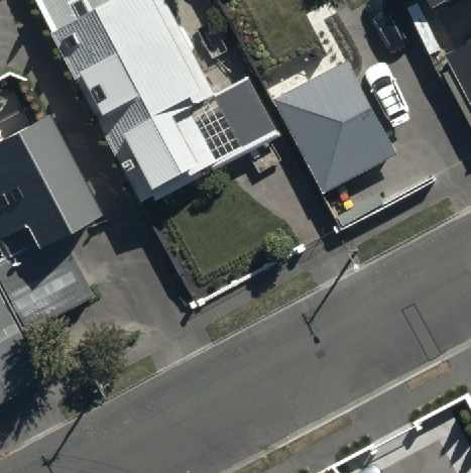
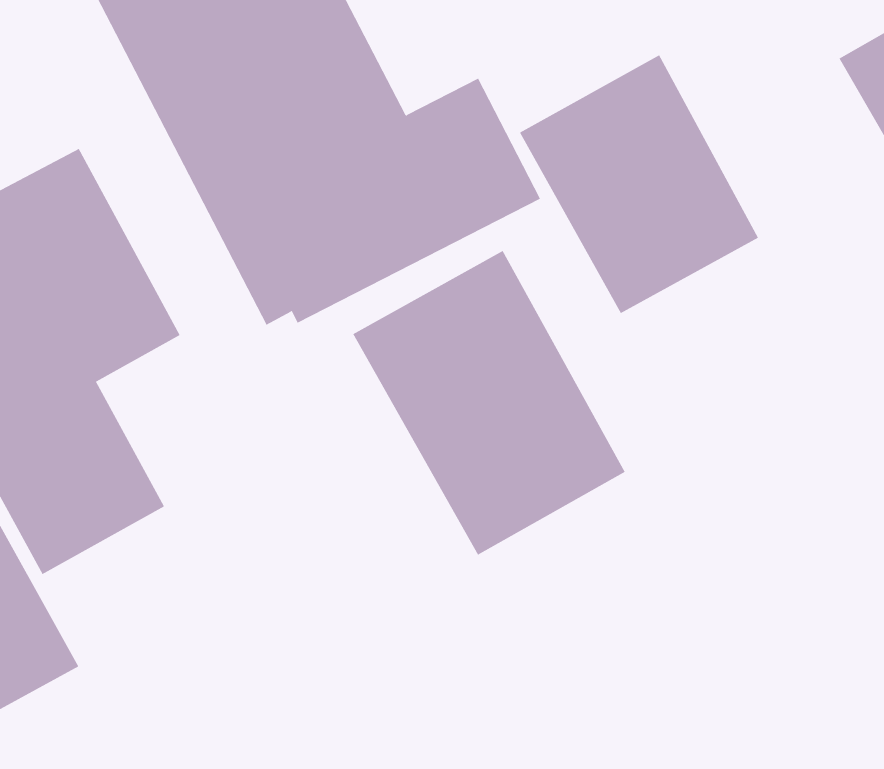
building: none -> [352,250,626,555]

